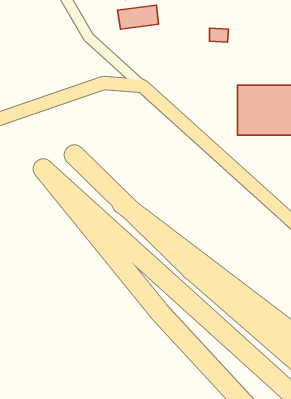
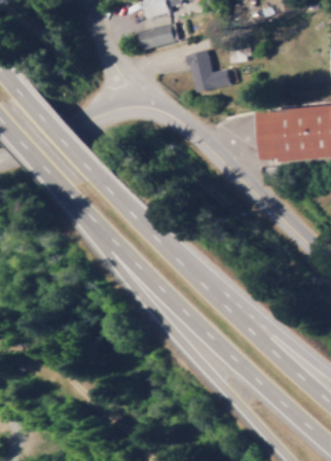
building: none -> [188,48,231,92]

